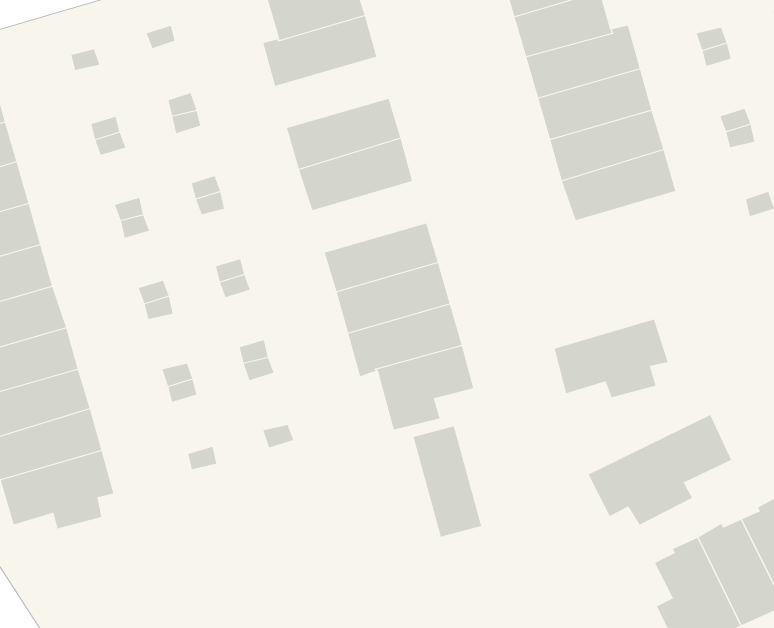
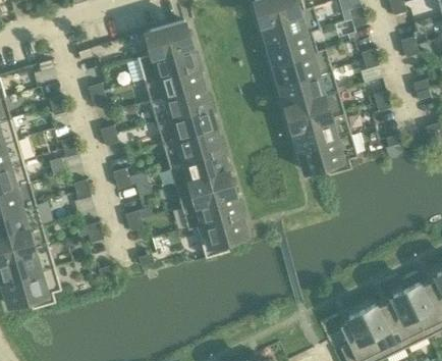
building: none -> [143,64,202,101]
building: none -> [162,128,221,165]
building: [554,319,668,398] -> [297,134,356,174]
building: [588,414,732,526] -> none
building: [413,426,482,537] -> none

